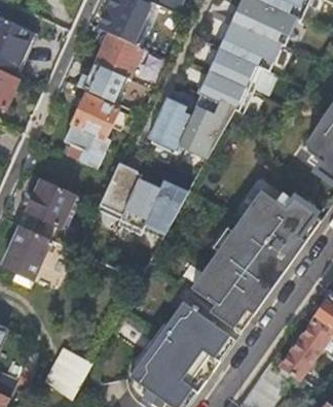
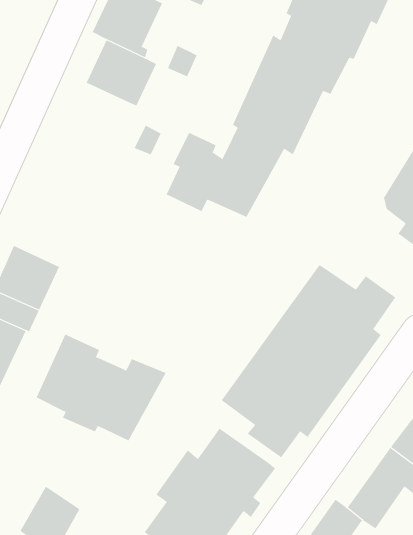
building: [76,62,127,102] -> none
building: [65,94,126,168] -> none
building: [98,163,190,239] -> [36,334,166,441]

